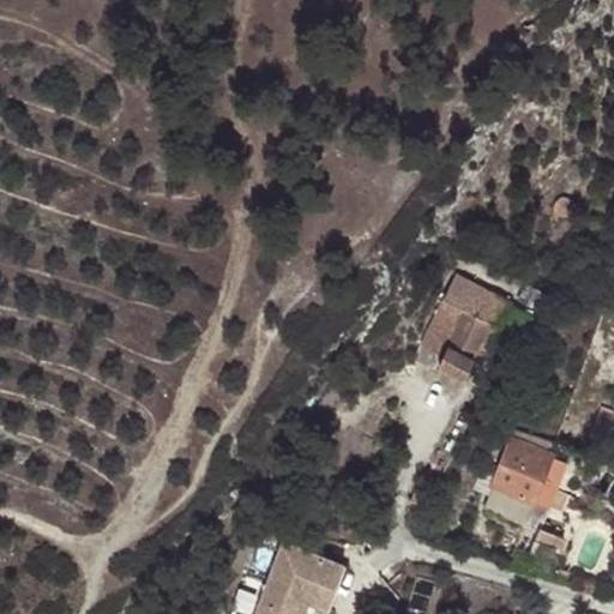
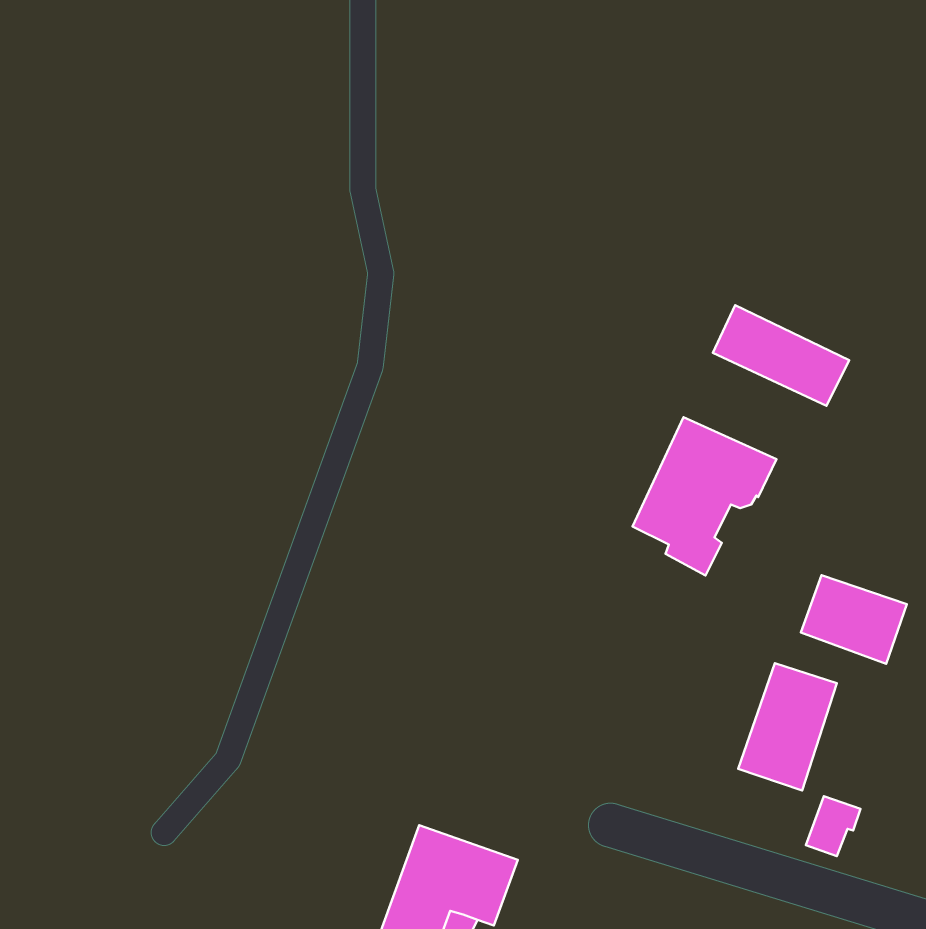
building: none -> [713,305,849,406]
building: none -> [801,575,907,664]

